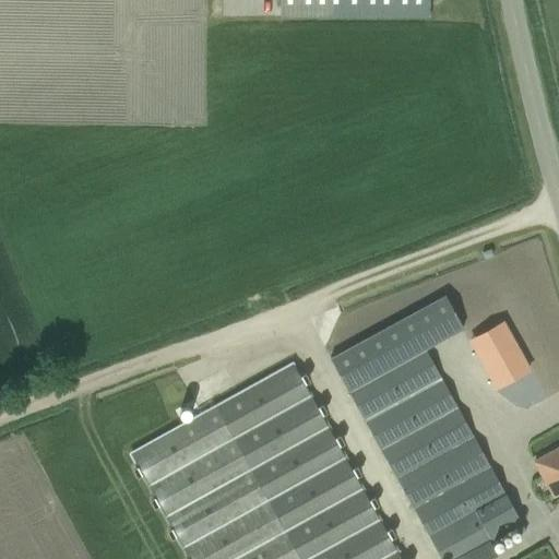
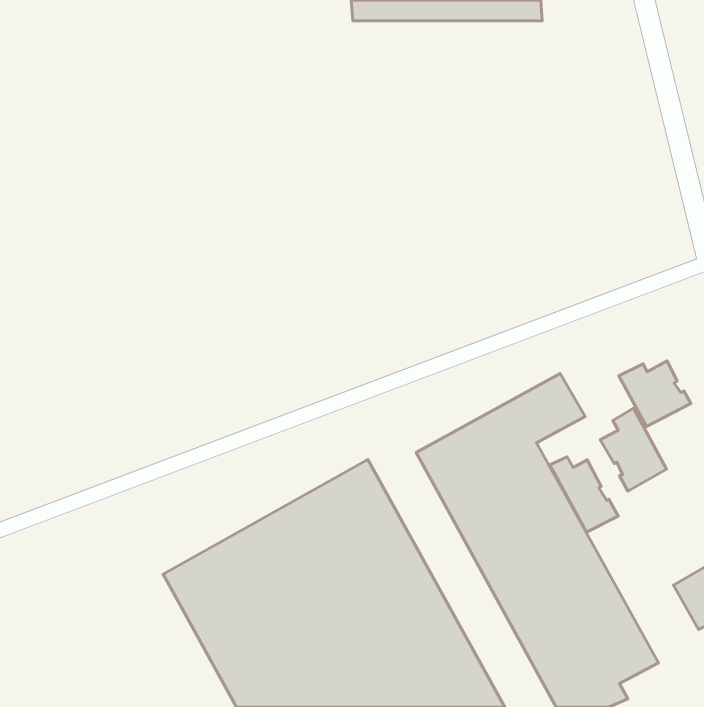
building: none -> [619,361,691,427]
building: none -> [550,457,618,532]

